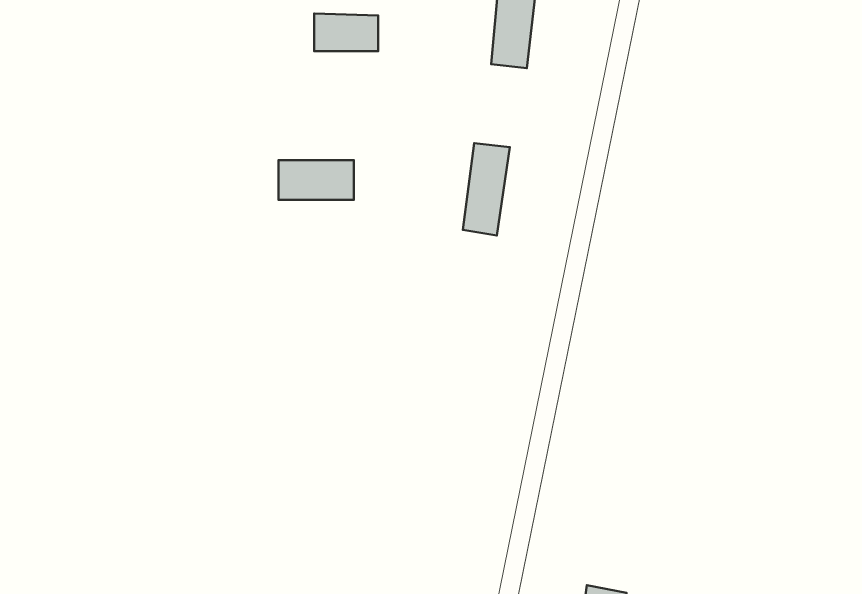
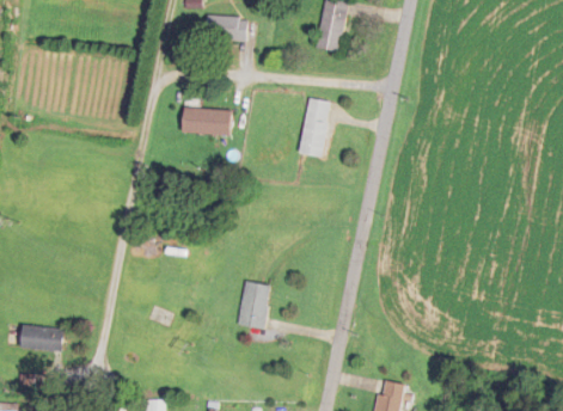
building: none -> [235,281,270,329]
building: none -> [19,326,61,350]

